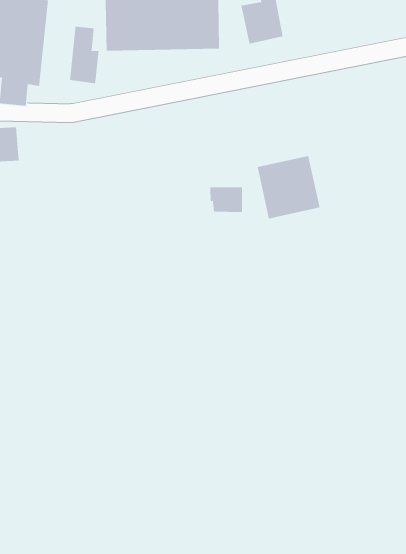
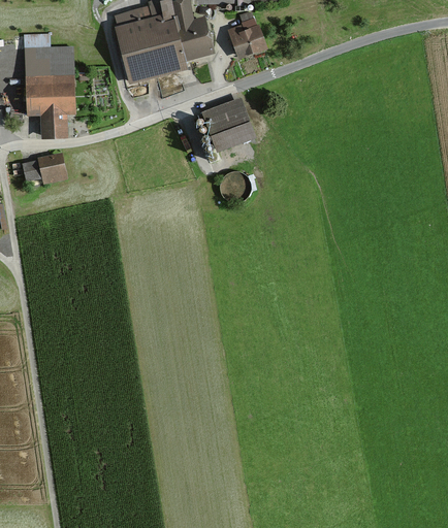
building: [70,26,99,84] -> none
building: [257,155,320,219] -> [199,95,255,151]

